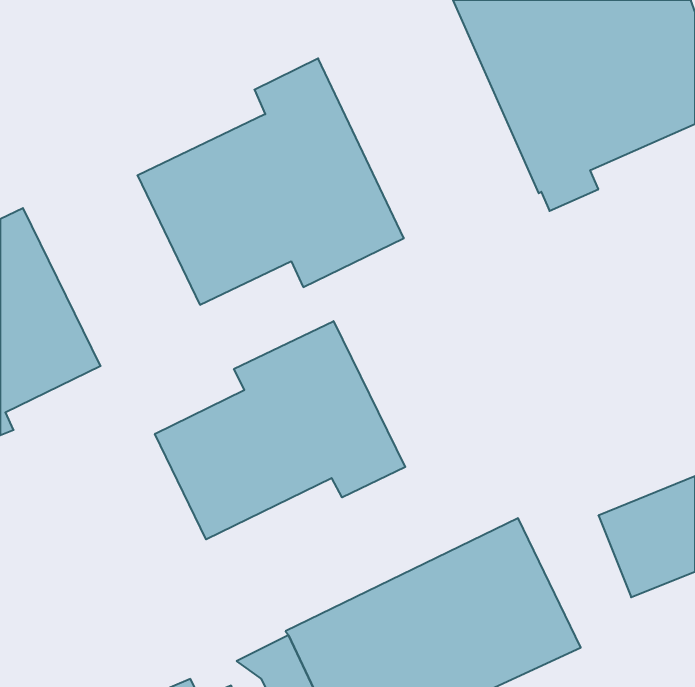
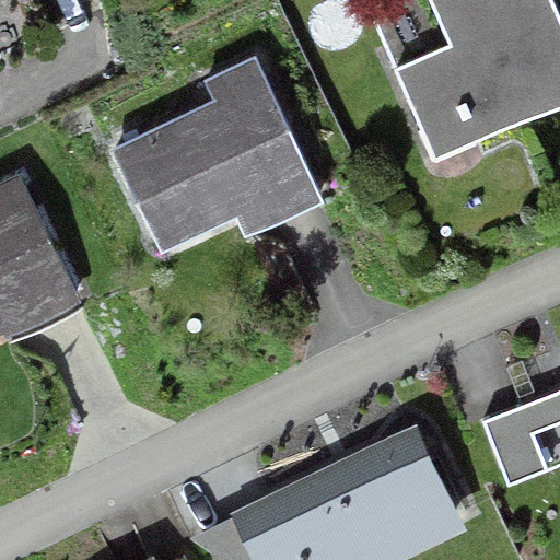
building: [155,321,405,539] -> none

